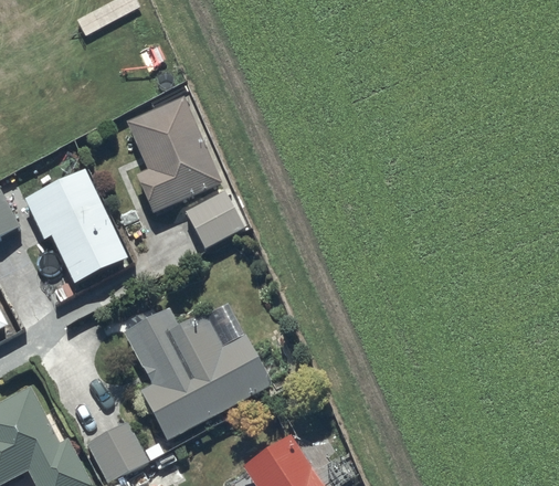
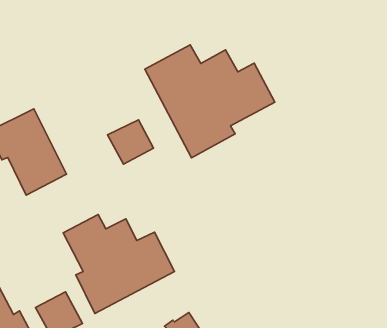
building: none -> [145,45,275,158]
building: [126,97,222,215] -> none

